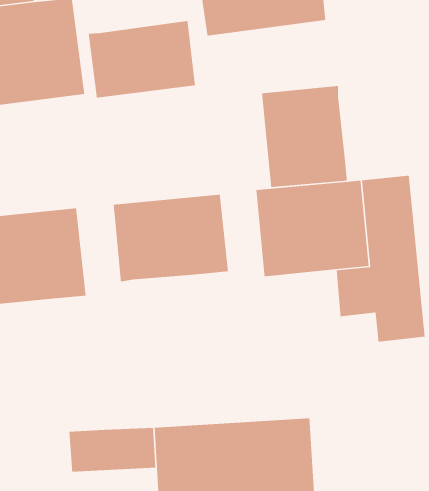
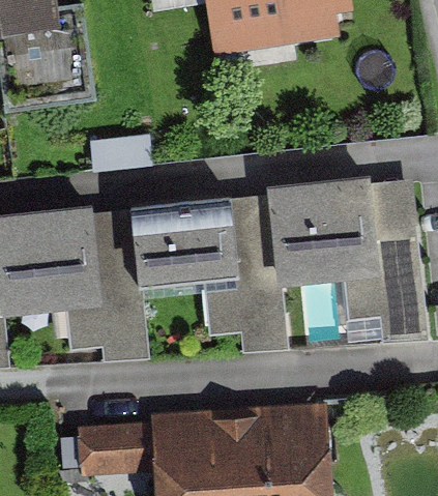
building: [88,20,196,98] -> none
building: [261,85,348,188] -> none
building: none -> [201,192,286,350]
building: none -> [62,206,147,358]

